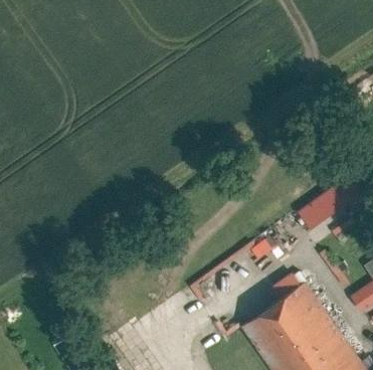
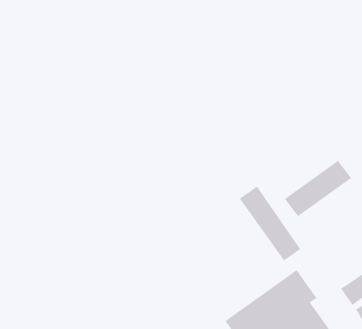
building: none -> [239,186,301,262]

